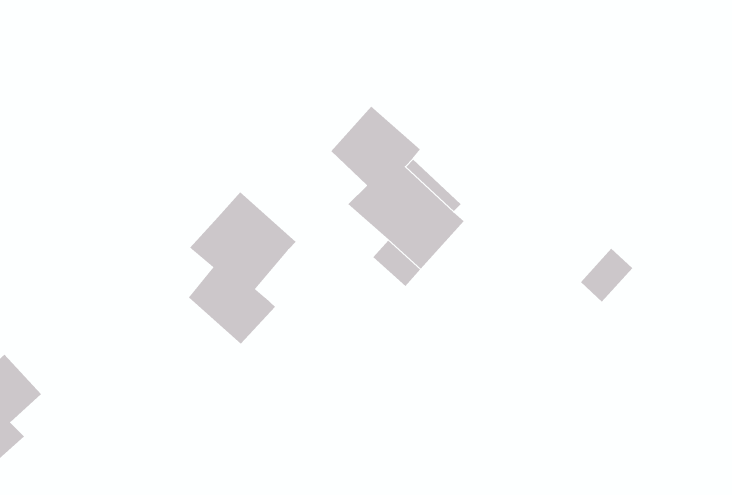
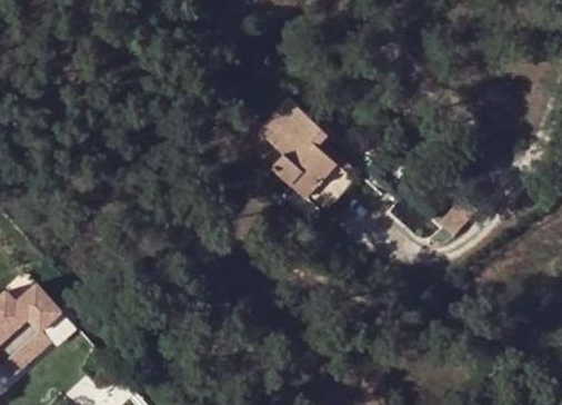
building: [188,191,296,344] -> none

